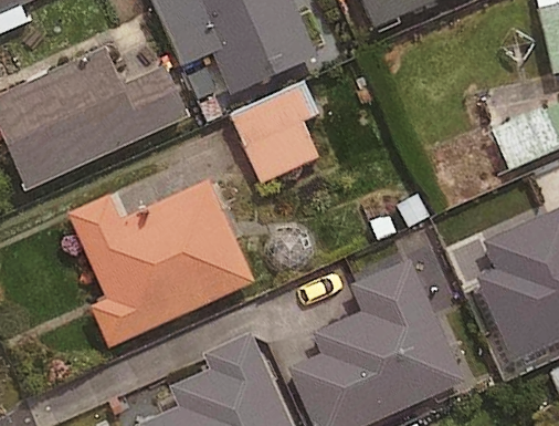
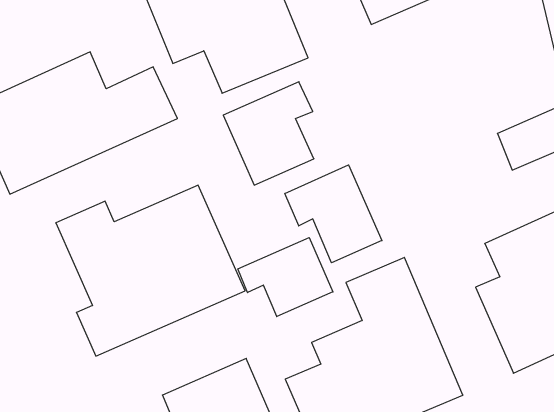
building: none -> [285,165,382,263]
building: none -> [238,238,333,317]

